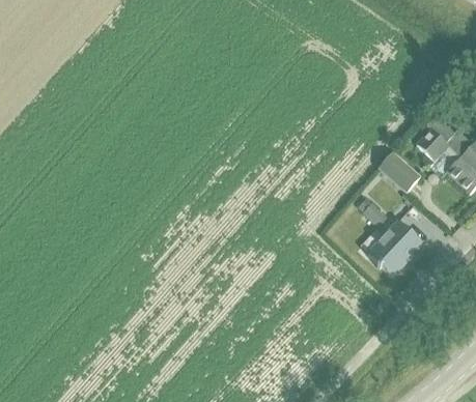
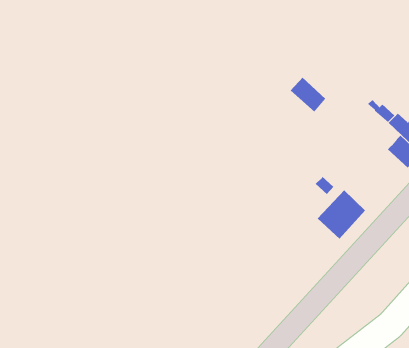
building: [416,128,461,162] -> none
building: [377,151,419,192] -> [290,77,326,112]

